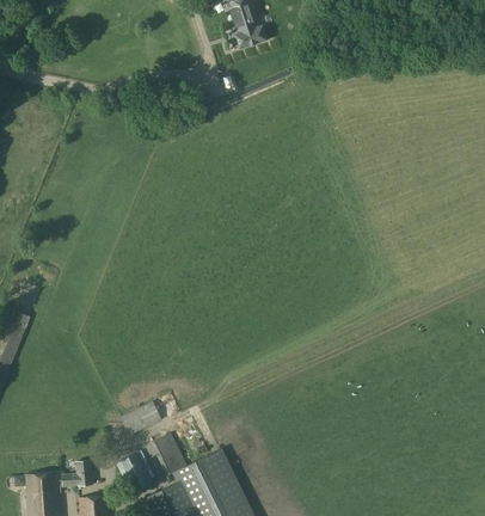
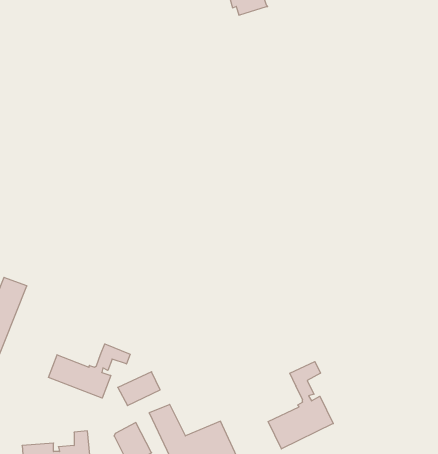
building: none -> [48,344,130,398]
building: none -> [268,362,333,449]

